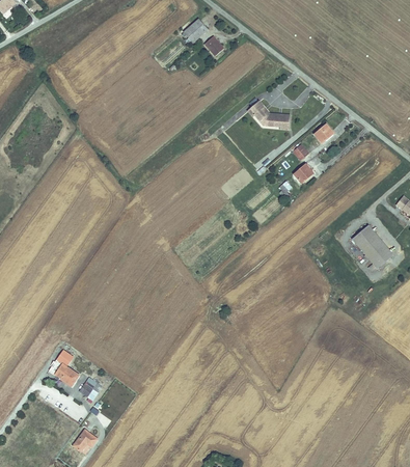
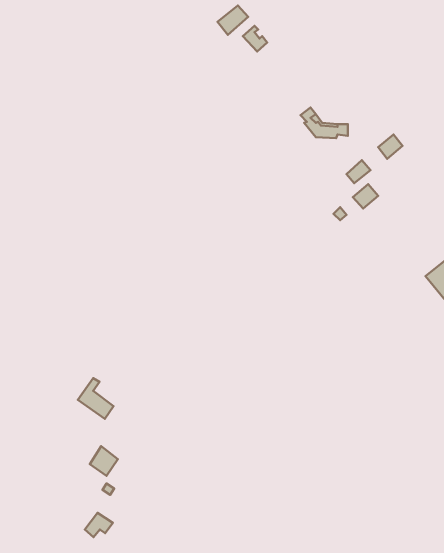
building: [50,353,79,386] -> [78,378,114,419]

